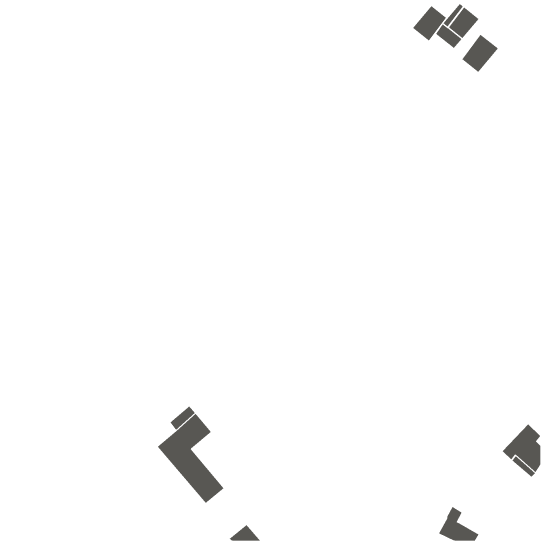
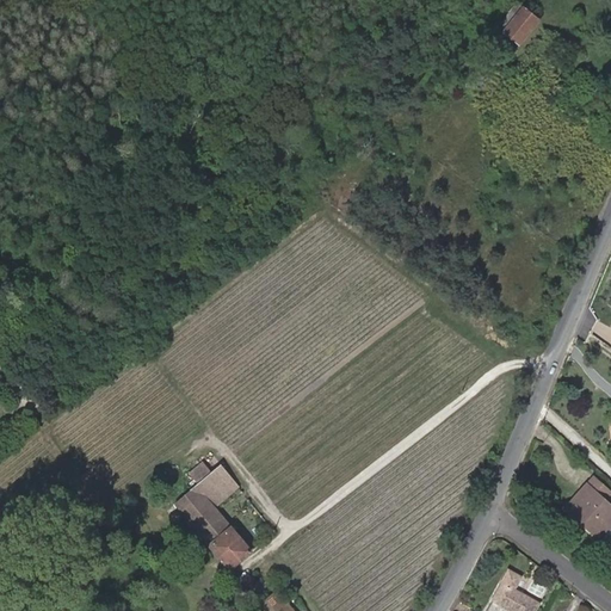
building: [412,5,447,42] -> none
building: [461,34,499,73] -> none

